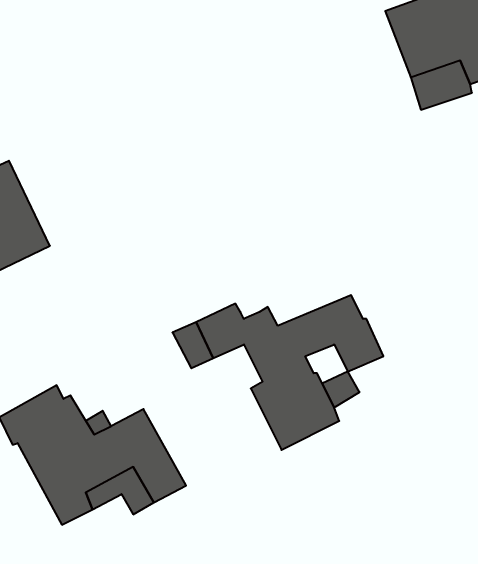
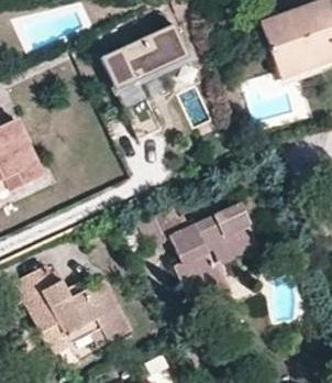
building: none -> [103,20,190,133]

